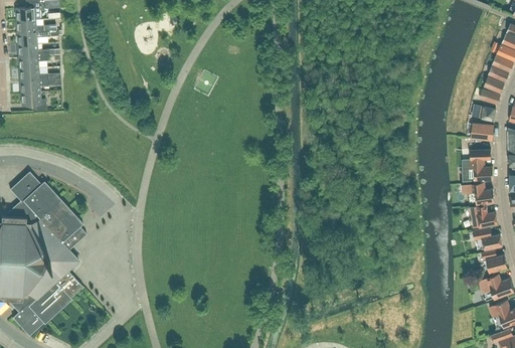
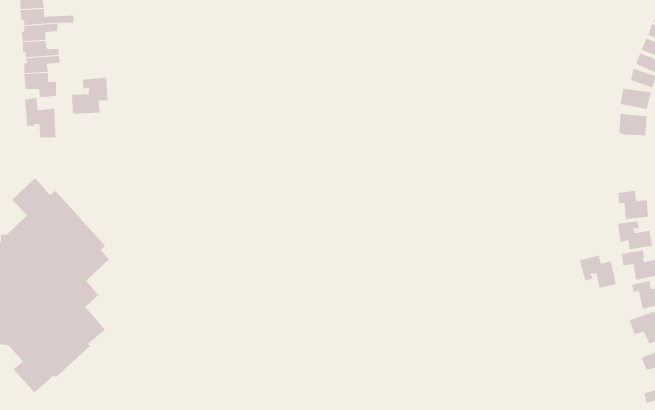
building: none -> [71,77,108,115]
building: none -> [24,97,56,138]
building: [462,149,493,180] -> none
building: none -> [579,255,616,289]

